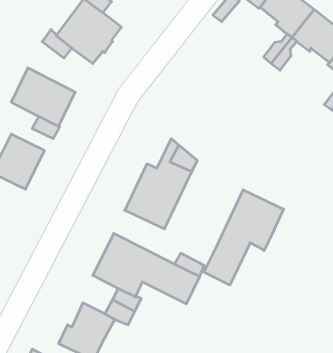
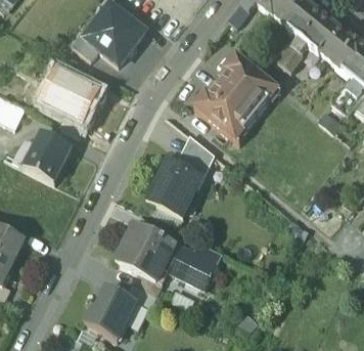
building: none -> [194,53,274,135]
building: [204,190,284,285] -> none

